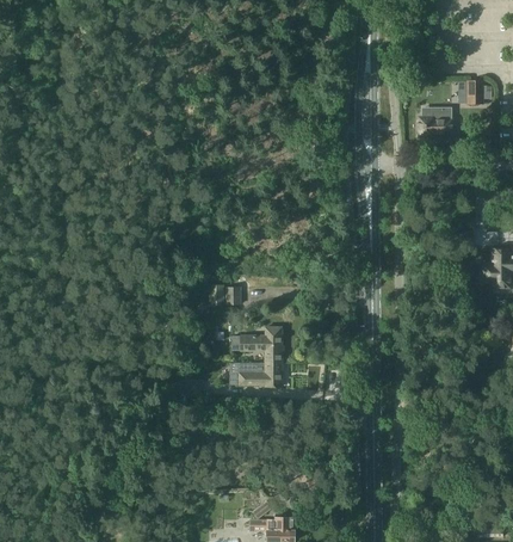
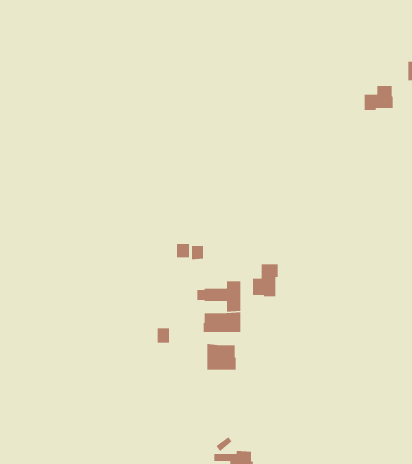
building: none -> [252,263,278,297]
building: none -> [207,343,236,371]

